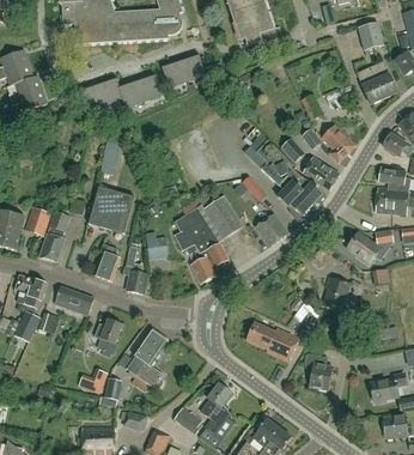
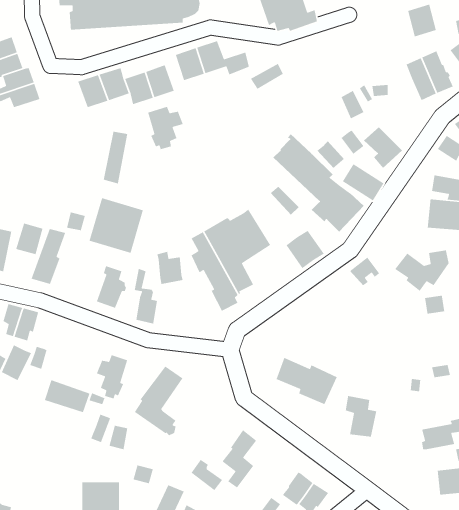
building: none -> [147,106,184,150]
building: [323,277,349,311] -> none
building: [55,286,95,315] -> [44,379,90,413]

